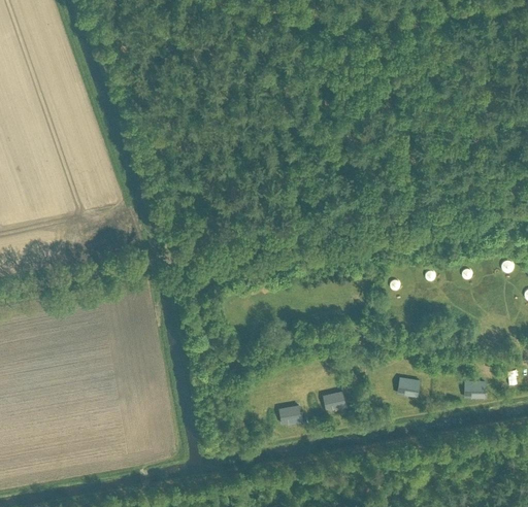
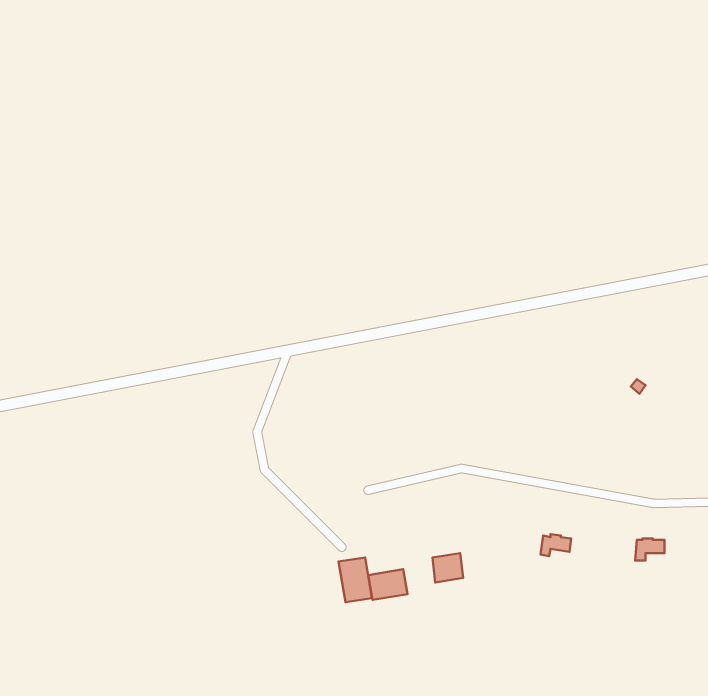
building: none -> [339,558,372,602]

